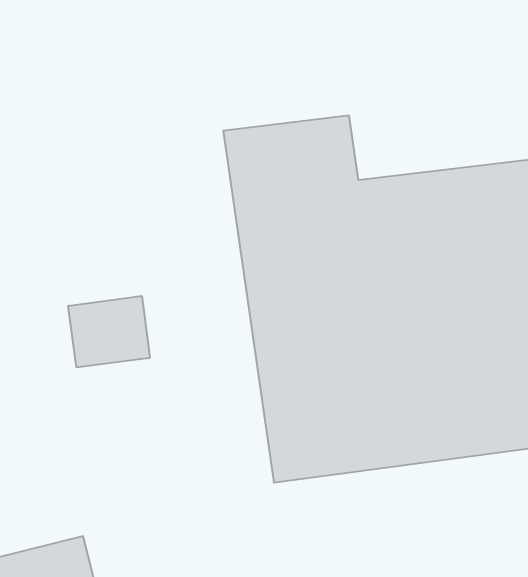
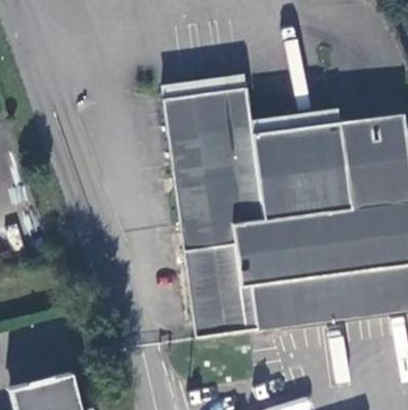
building: [68,296,150,367] -> none

